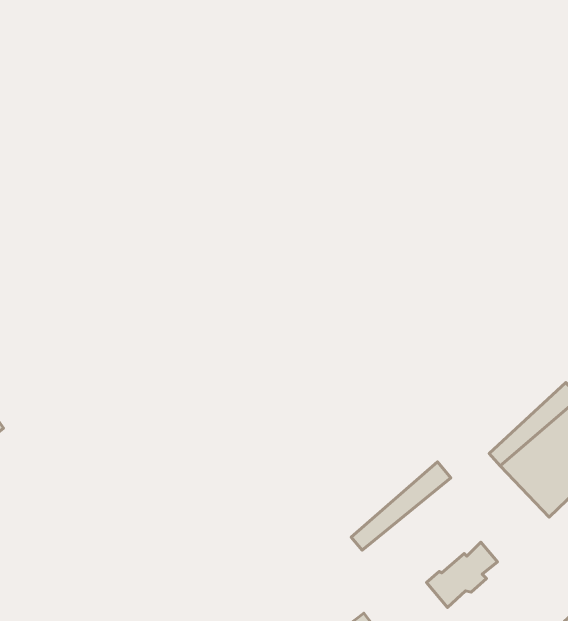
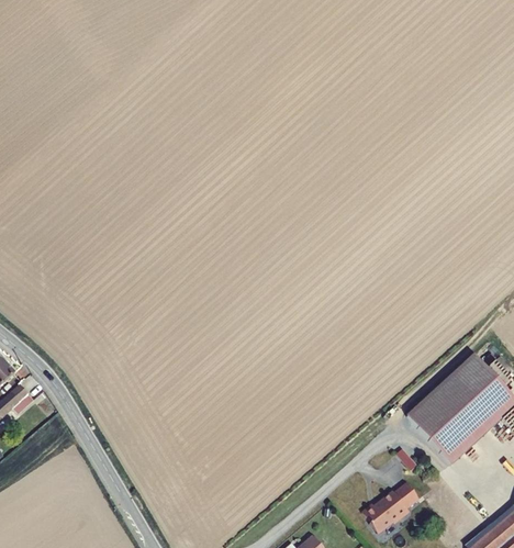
building: [351,462,451,550] -> none

